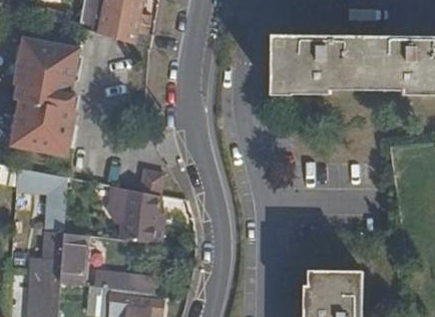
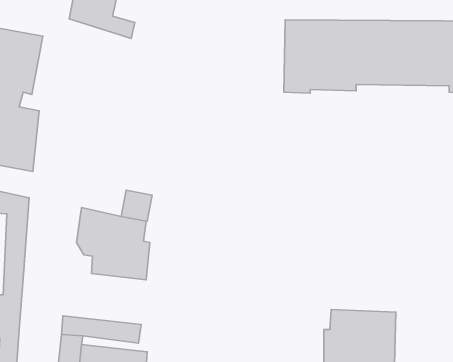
building: [58,233,85,286] -> none

